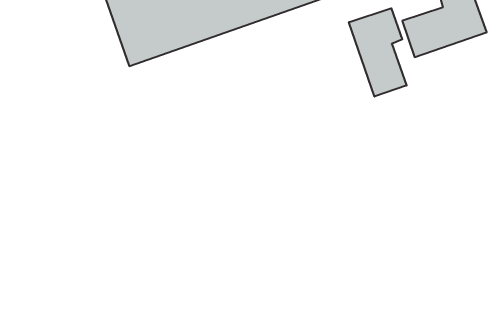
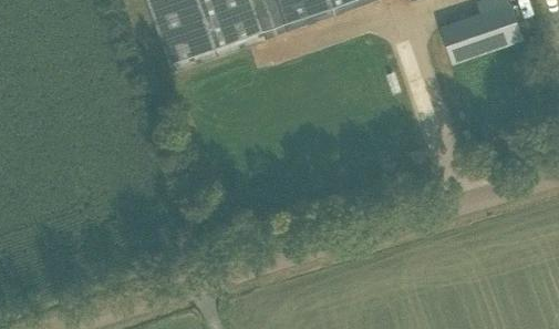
building: [349,8,407,97] -> none

